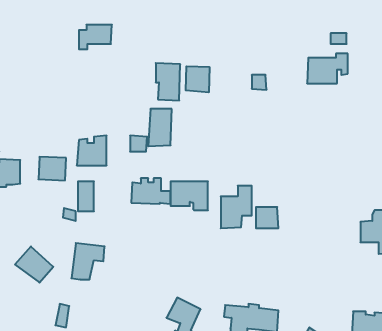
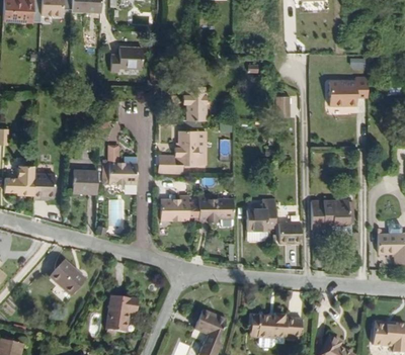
building: [186,66,209,92] -> none
building: none -> [312,204,348,237]
building: [71,243,105,279] -> [108,296,140,331]

